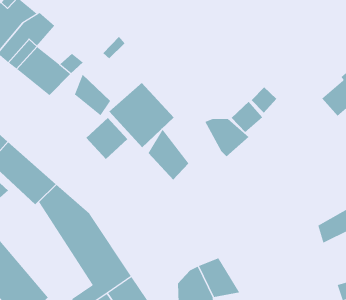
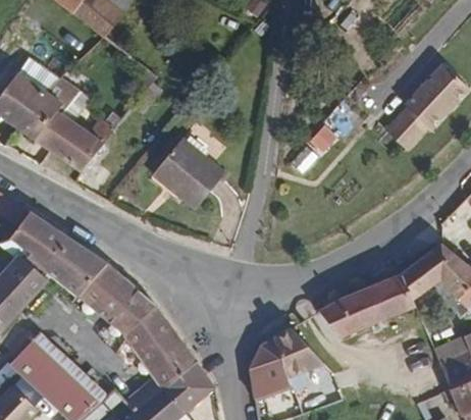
building: [74,74,111,116] -> none
building: [85,117,128,160] -> none
building: [204,118,249,157] -> none
building: [148,129,189,181] -> none
building: none -> [320,276,412,338]

